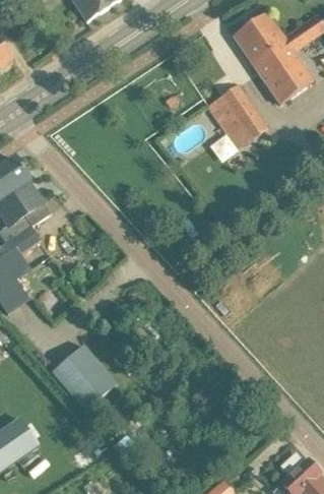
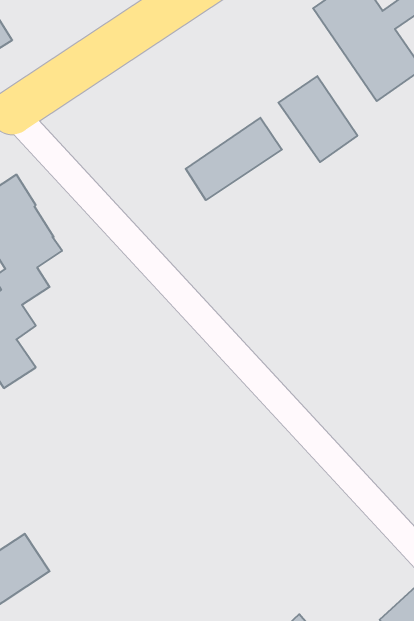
building: none -> [186,118,282,200]
building: [52,344,116,409] -> none

